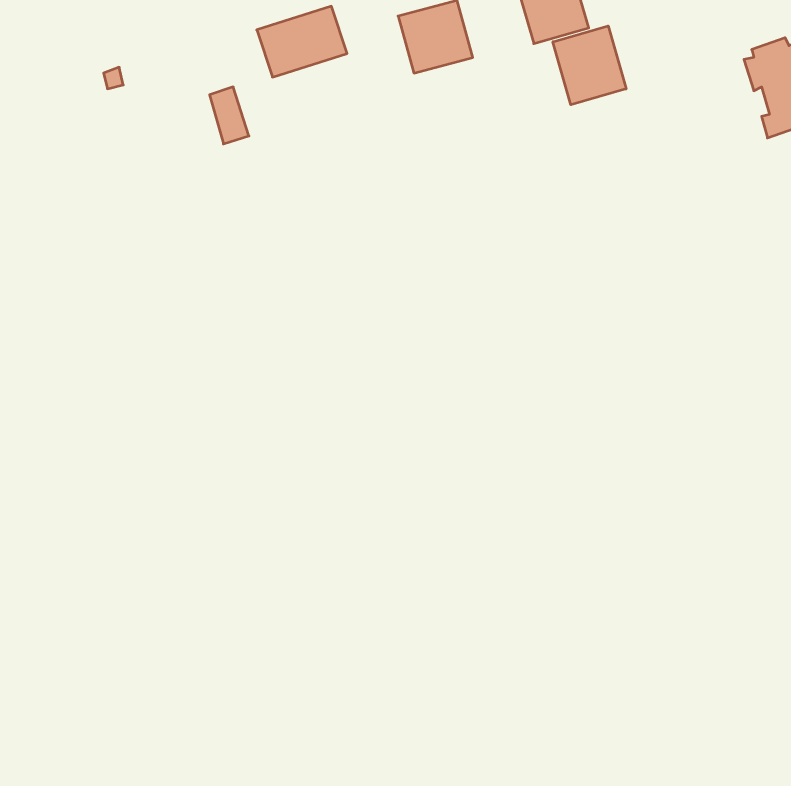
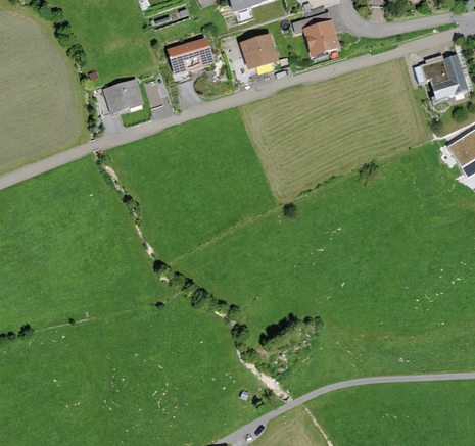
building: [553,26,626,105] -> none
building: none -> [103,78,144,114]

